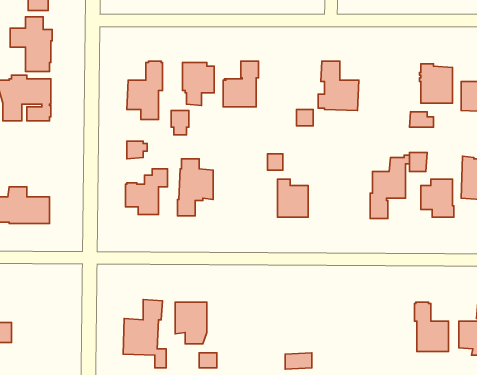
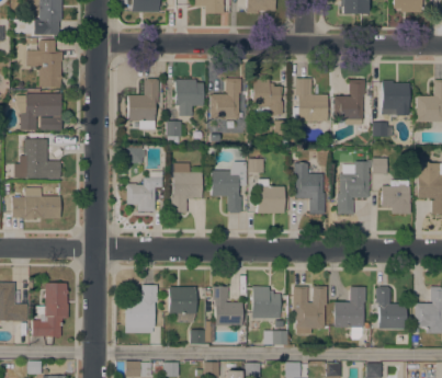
building: none -> [252,79,283,114]
building: none -> [335,79,365,124]
building: none -> [24,138,60,177]
building: none -> [212,161,246,213]
building: none -> [294,162,325,213]
building: none -> [33,282,68,335]
building: none -> [213,286,242,325]
building: none -> [252,286,280,318]
building: none -> [293,286,327,333]
building: none -> [335,286,366,339]

